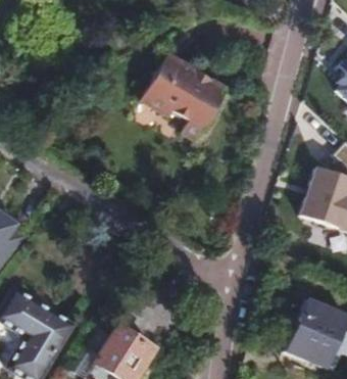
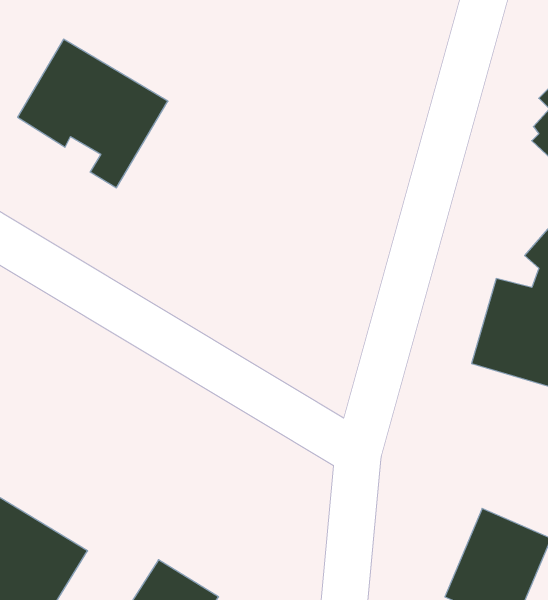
building: [141,56,228,142] -> [18,39,168,188]

